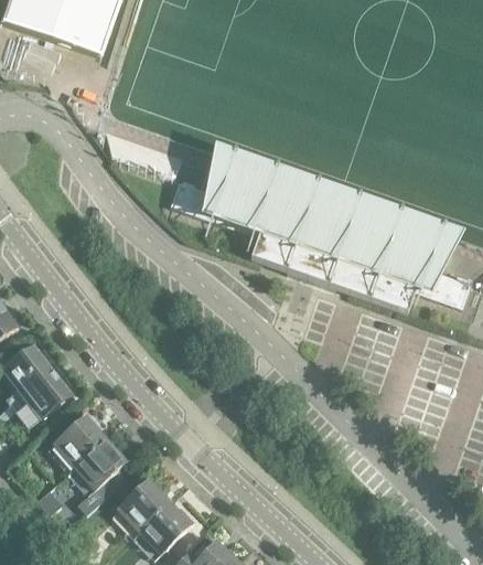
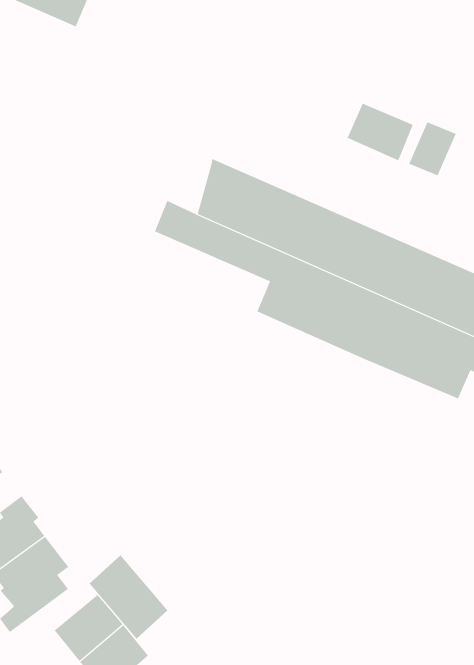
building: none -> [347,103,414,161]
building: none -> [408,121,456,176]
building: none -> [89,555,168,639]

